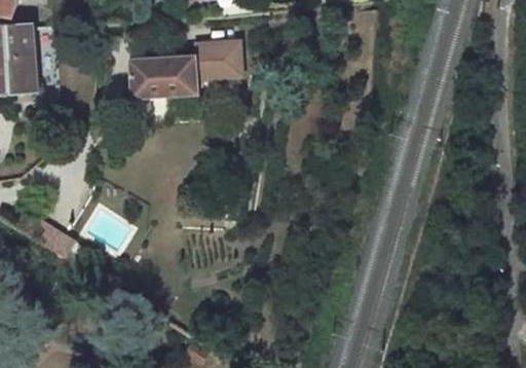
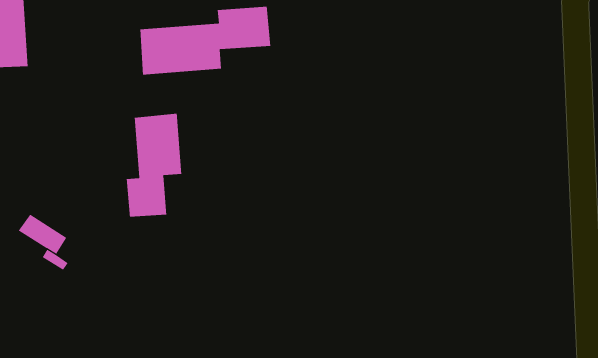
building: none -> [126,113,182,217]

